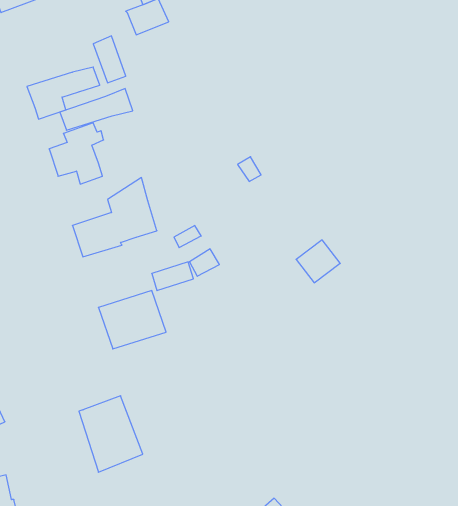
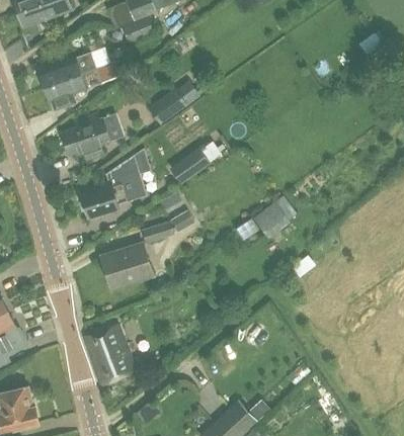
building: [60,89,133,130] -> [39,52,96,84]
building: none -> [151,89,183,123]
building: none -> [171,149,208,181]

